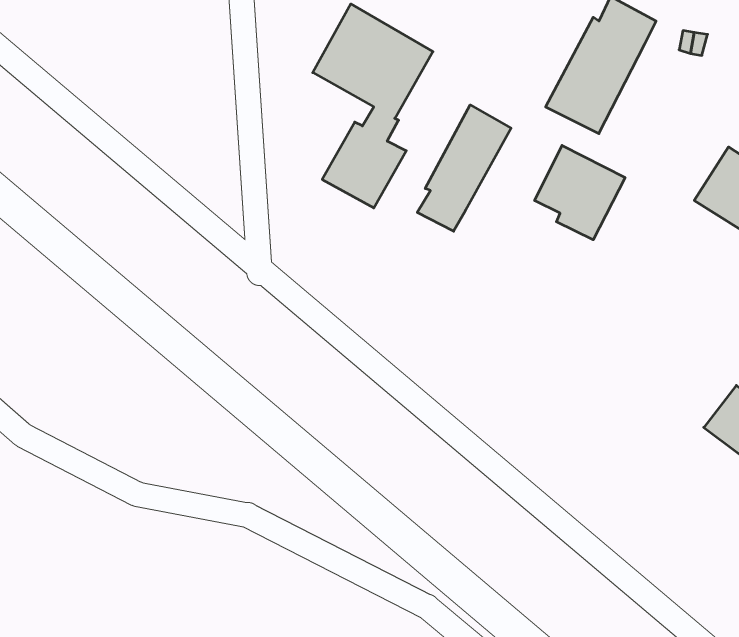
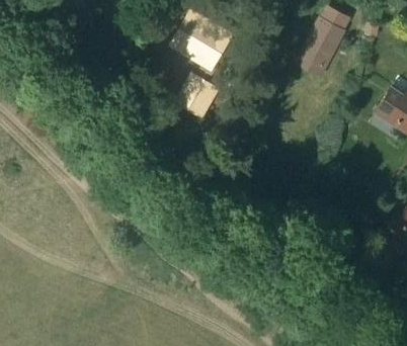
building: [417,105,511,231] -> none
building: [535,145,625,240] -> none

